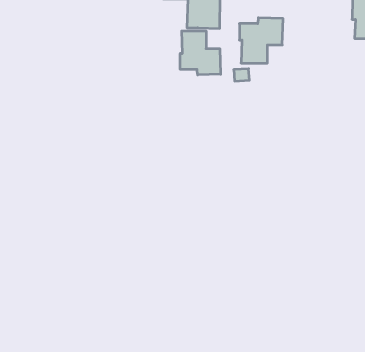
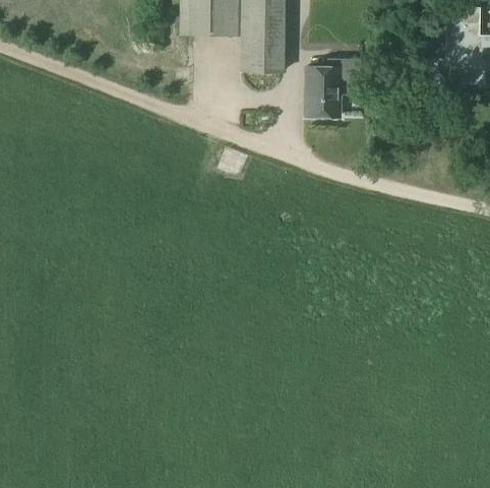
building: [180,31,221,75] -> none

